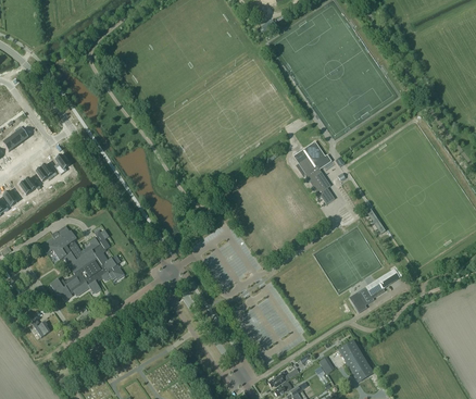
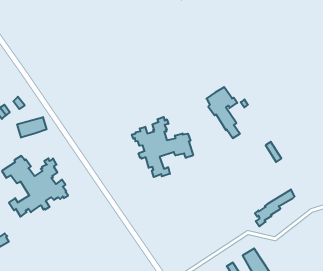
building: none -> [132,117,193,177]
building: none -> [17,117,47,138]

